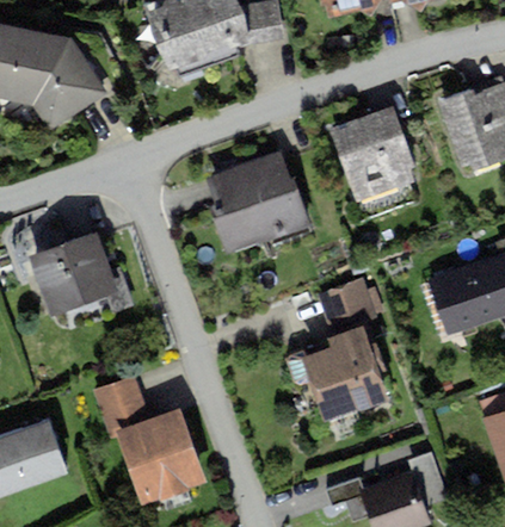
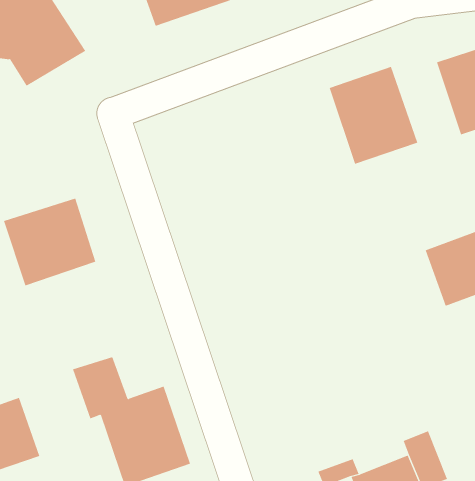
building: [204,161,308,253] -> none
building: [302,280,389,422] -> none

